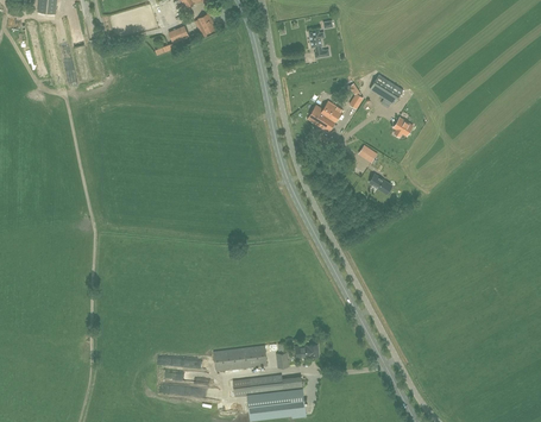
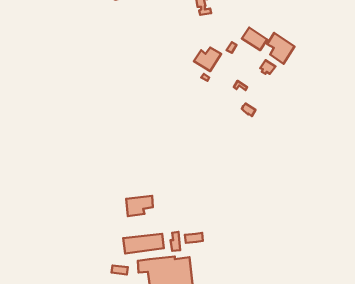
building: none -> [267,33,295,64]
building: none -> [126,196,153,216]

